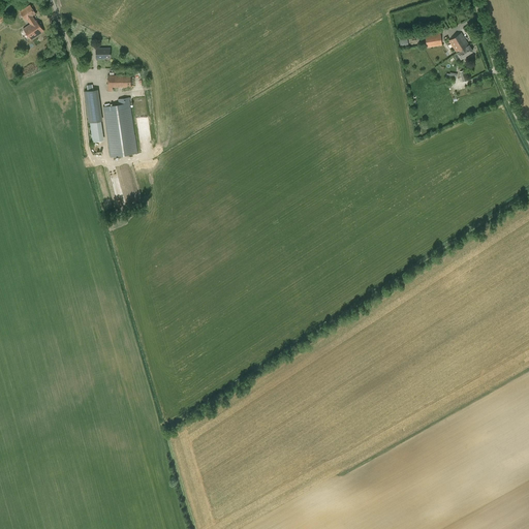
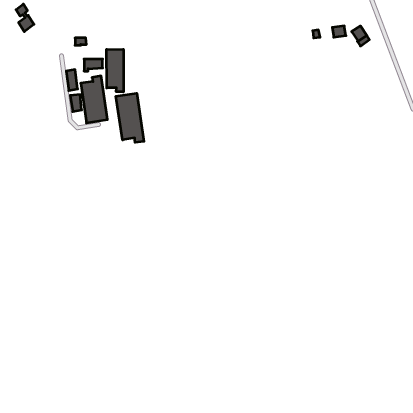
building: none -> [107,49,123,92]
building: none -> [116,93,144,142]

